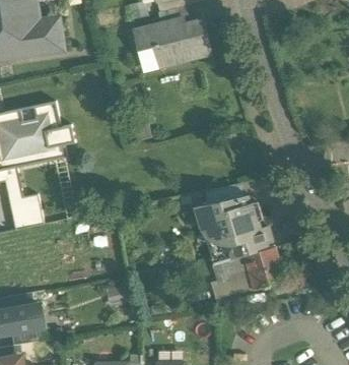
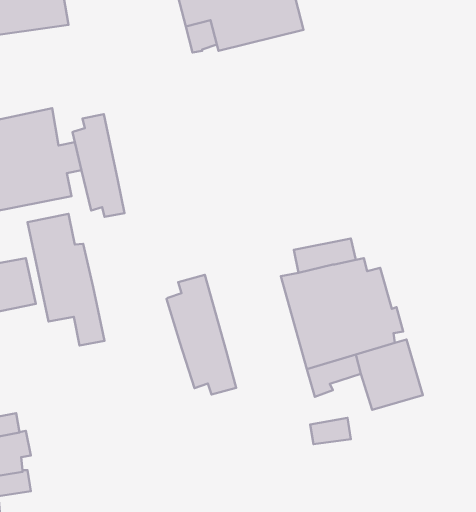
building: none -> [72,114,125,217]
building: none -> [28,214,105,346]
building: none -> [166,275,236,394]

